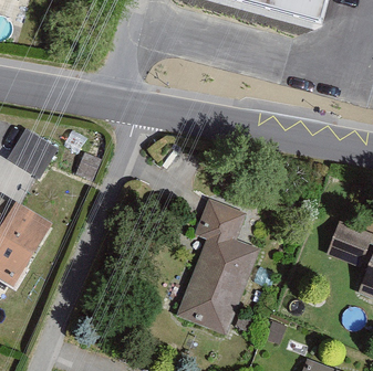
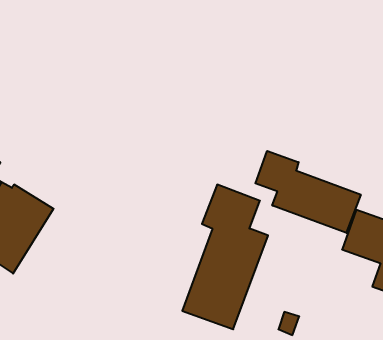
building: [8,127,59,177] -> none
building: none -> [255,151,361,233]

